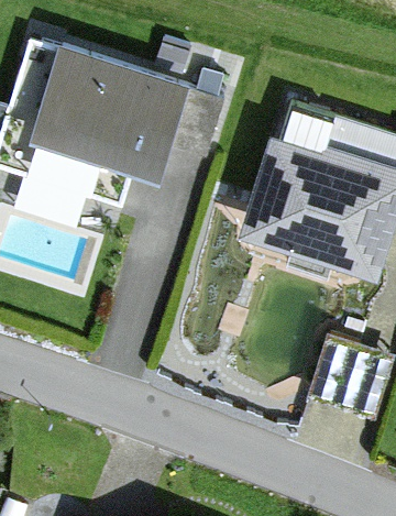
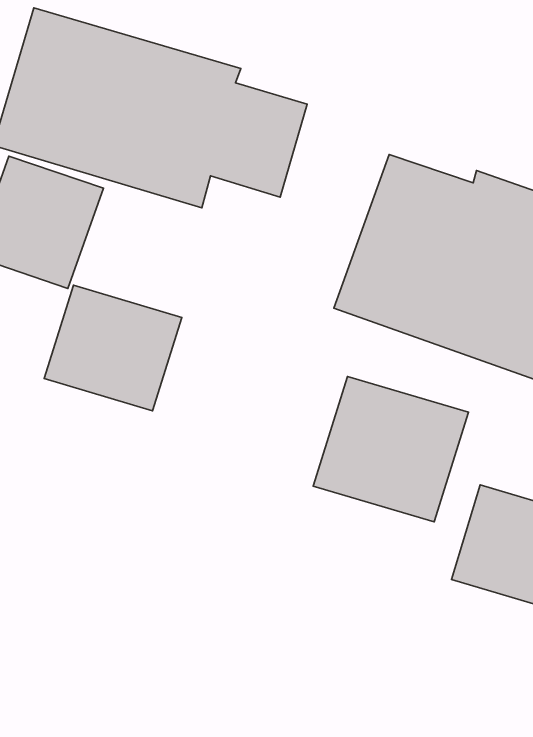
building: none -> [44,285,182,411]
building: none -> [313,376,469,522]

